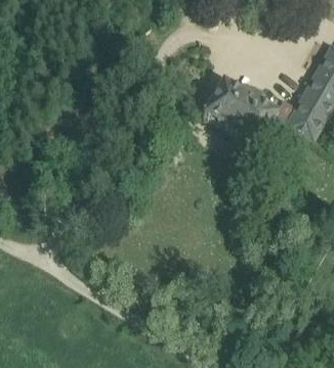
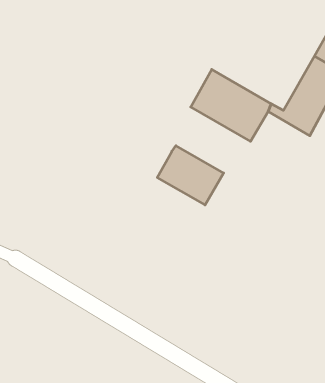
building: none -> [157,146,224,205]

